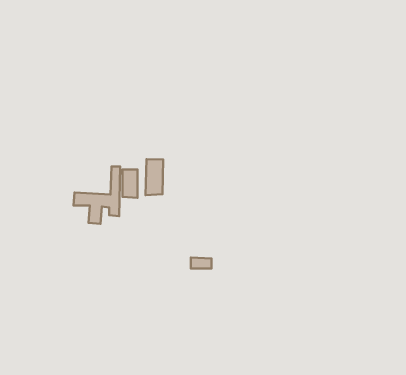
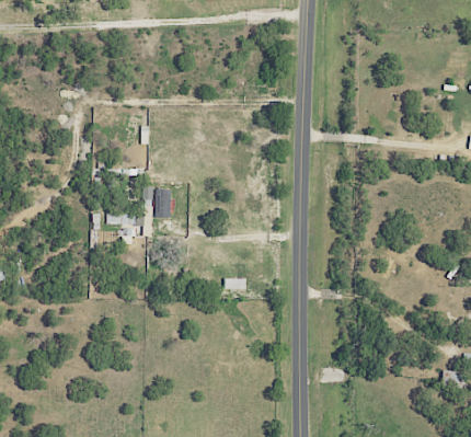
building: [146,159,163,195] -> none

